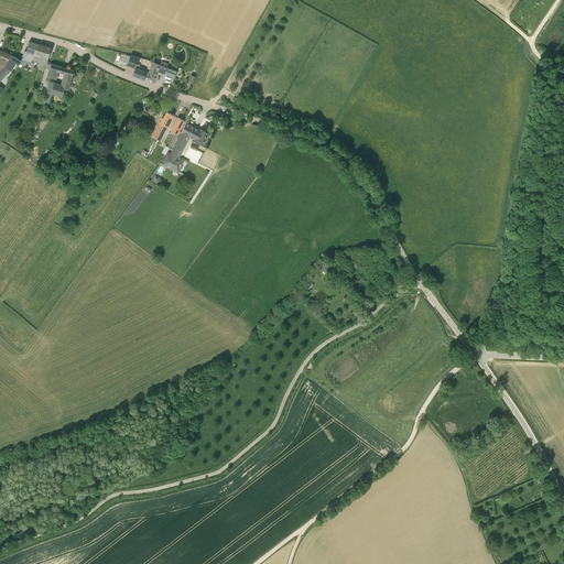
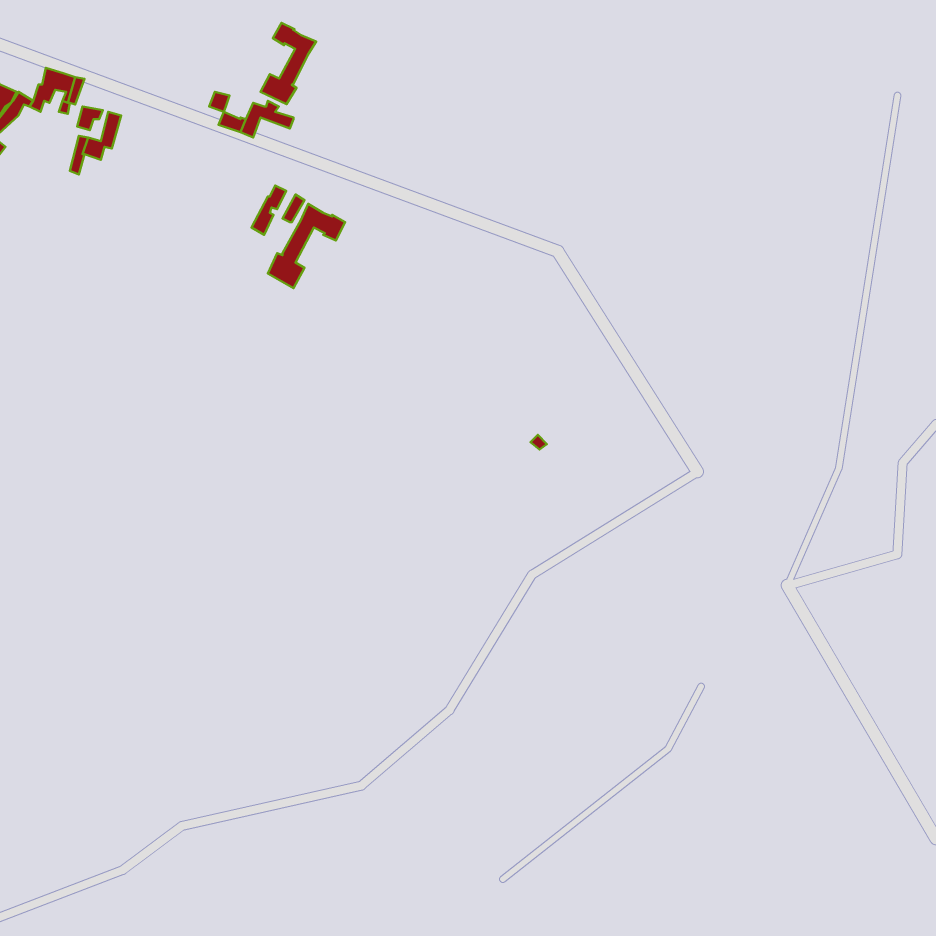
building: none -> [261,23,316,104]

